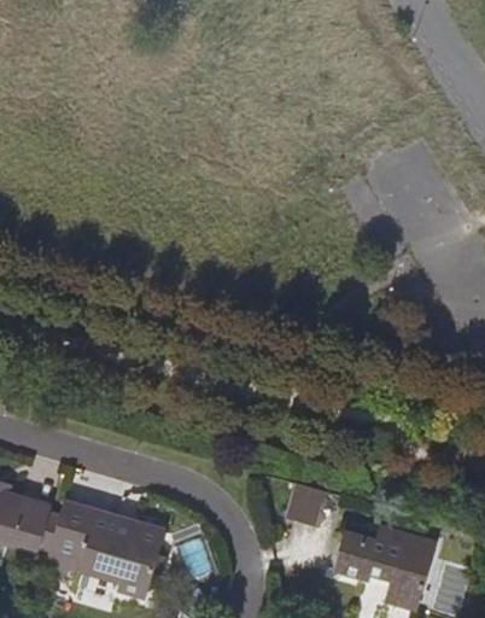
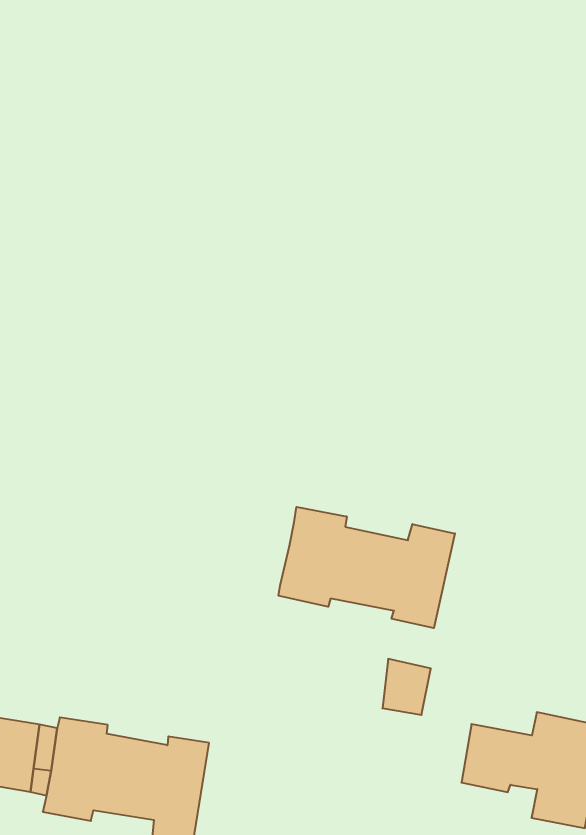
building: none -> [279,507,455,628]

